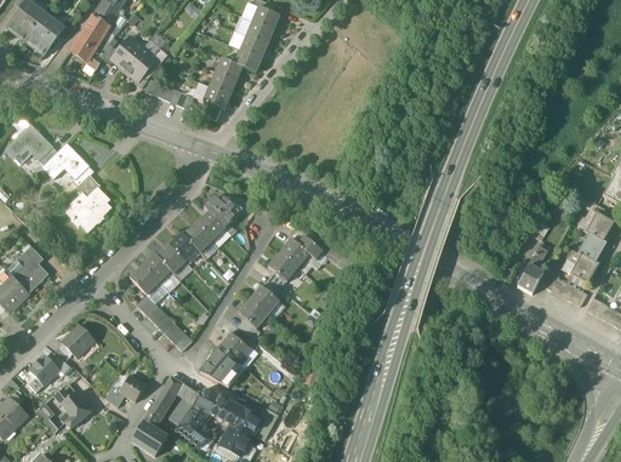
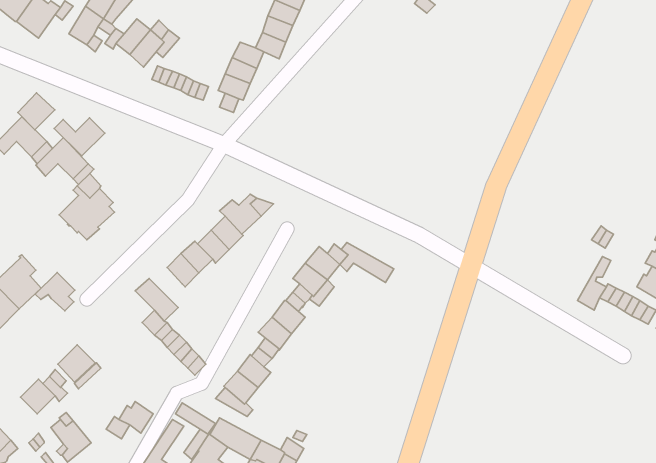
building: none -> [18,93,55,130]
building: none -> [54,118,105,156]
building: [141,253,178,291] -> none
building: none -> [35,273,75,311]

